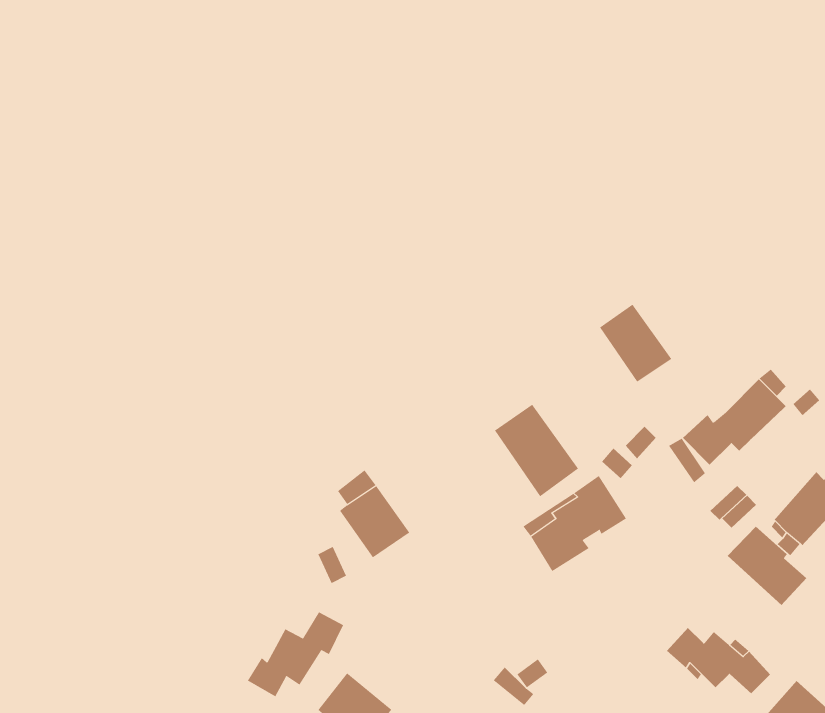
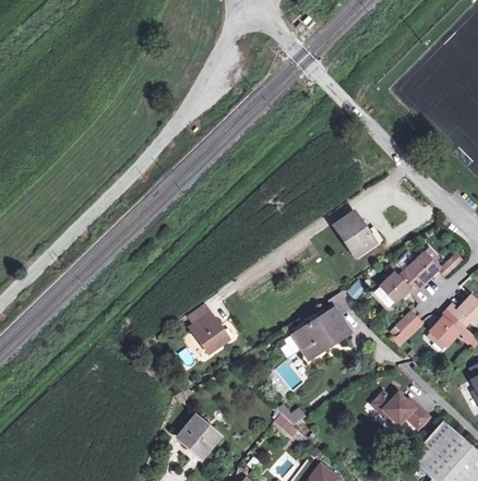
building: [494,404,579,497] -> none
building: [727,526,807,606] -> none
building: [247,611,344,697] -> none

